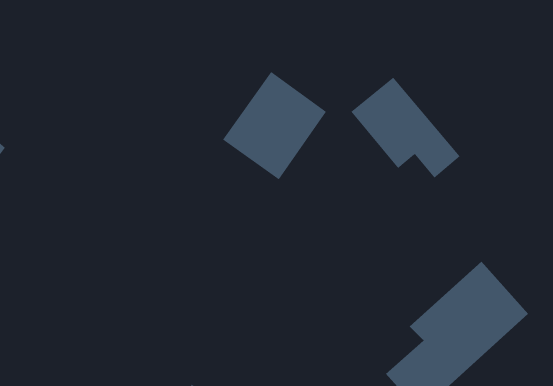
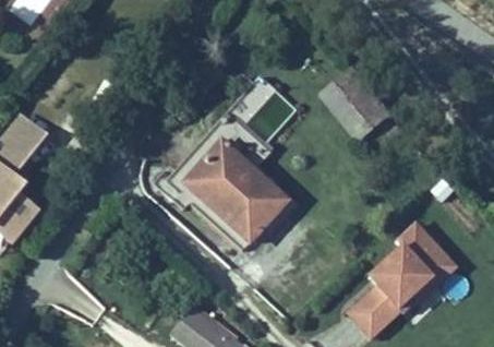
building: none -> [164,130,292,250]

